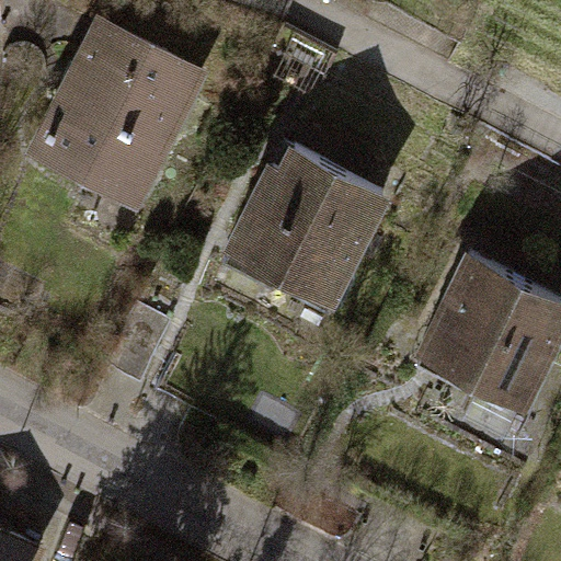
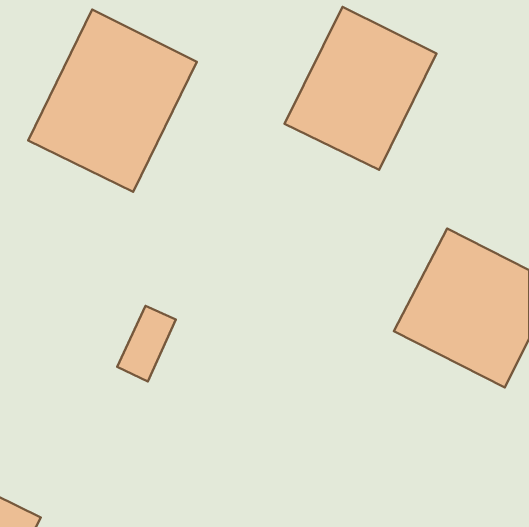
building: none -> [284,7,436,170]
building: [219,141,389,319] -> none

